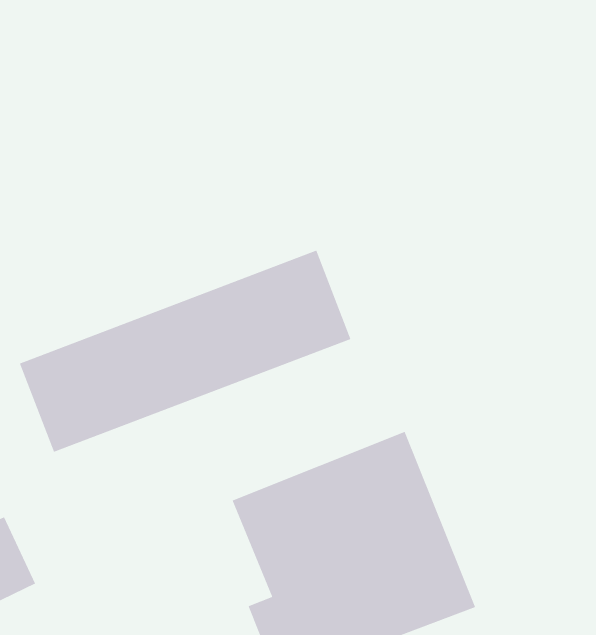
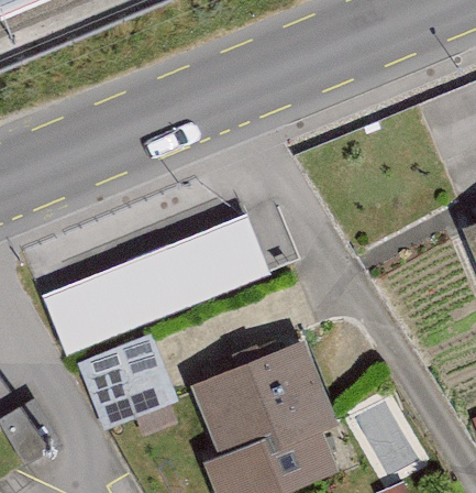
building: none -> [77,337,176,432]

